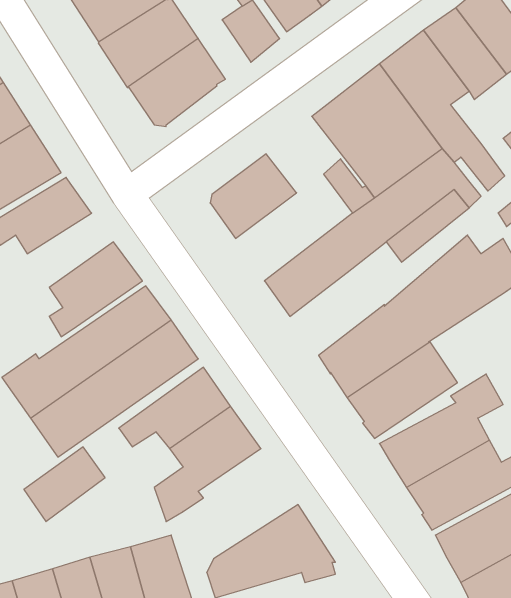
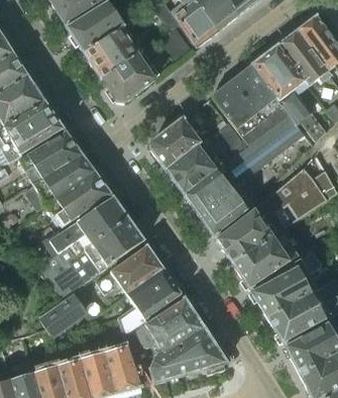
building: none -> [166,139,223,193]
building: none -> [42,153,94,197]
building: none -> [199,188,249,234]
building: none -> [135,298,204,352]

